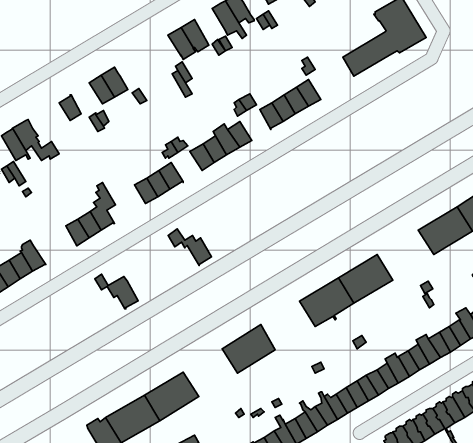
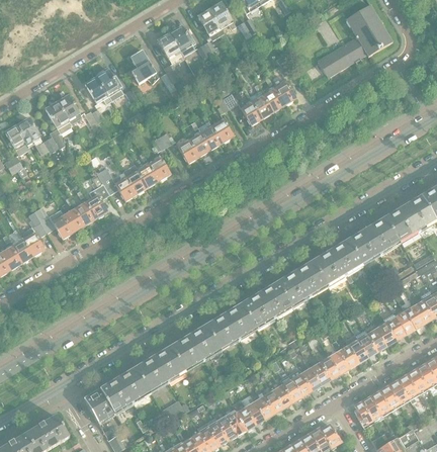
building: none -> [130,49,158,83]
building: none -> [46,100,71,148]
building: [168,229,211,266] -> [97,168,137,201]
building: none -> [348,217,400,263]
building: [95,274,138,309] -> [34,207,74,239]
building: none -> [242,282,291,327]
building: none -> [171,326,223,369]

